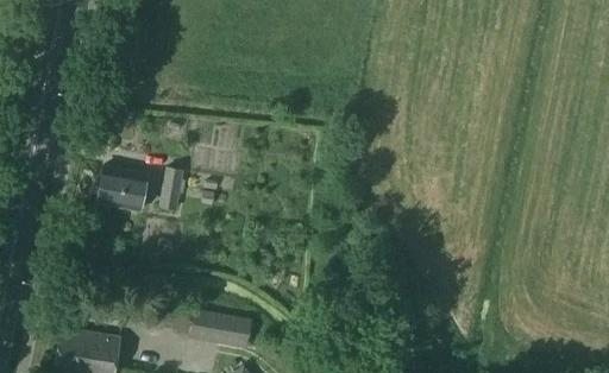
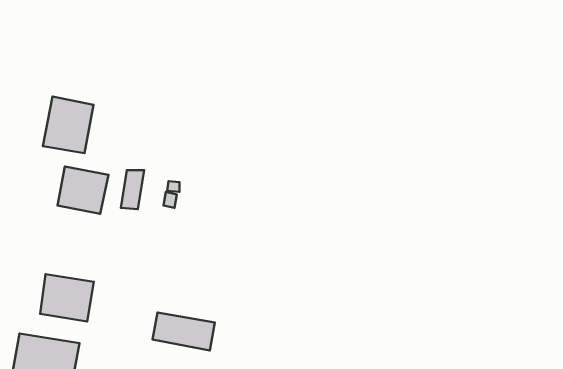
building: none -> [43,96,94,153]
building: none -> [40,274,94,321]

